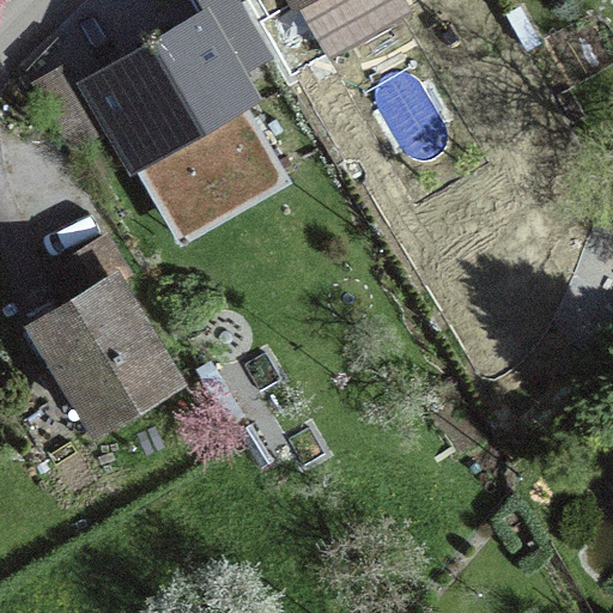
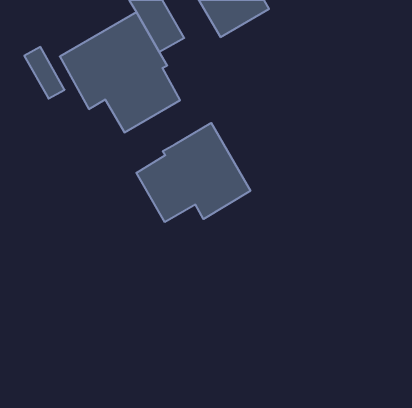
building: none -> [136,123,250,222]
building: [37,245,177,433] -> none

